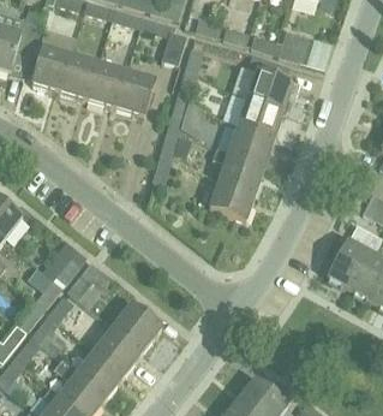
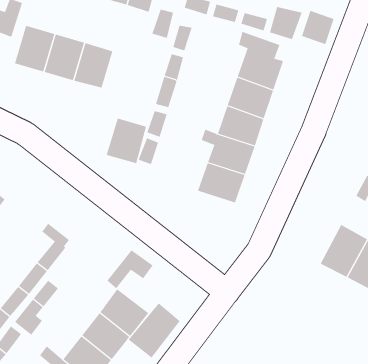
building: [115,71,155,115] -> [106,118,147,164]
building: [66,260,112,298] -> [107,250,153,289]
building: none -> [128,302,180,359]

